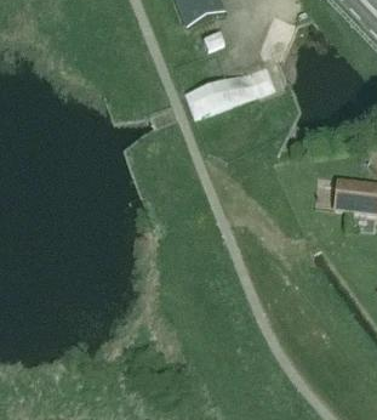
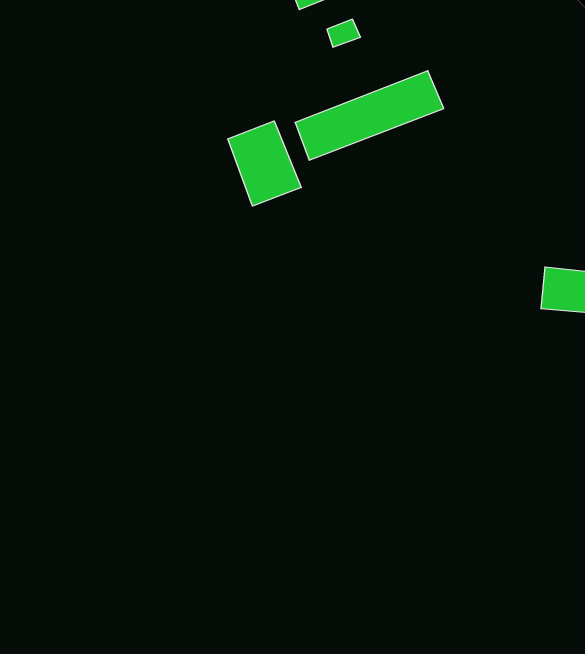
building: none -> [228,121,301,206]

